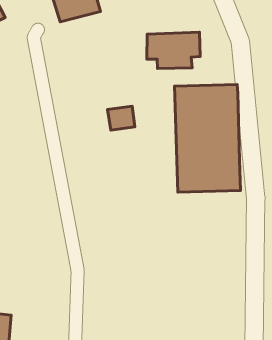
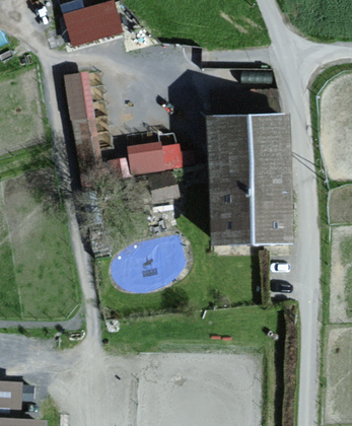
building: [147,32,200,69] -> none
building: none -> [66,77,100,163]

